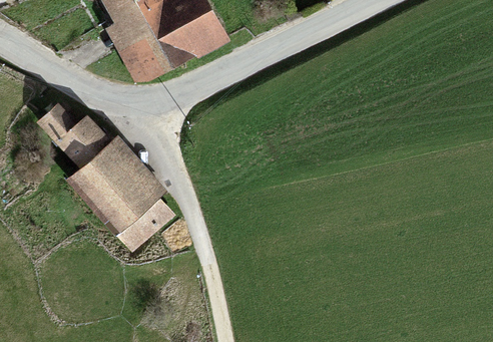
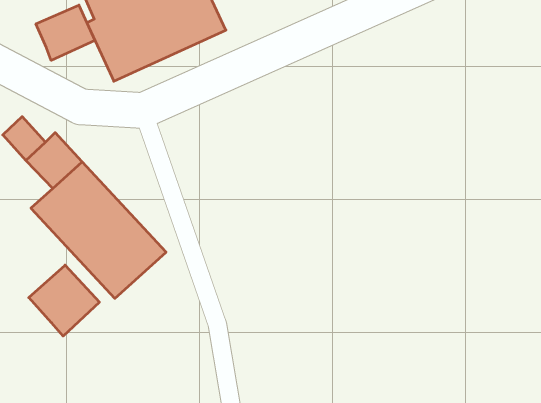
building: none -> [36,5,95,60]
building: none -> [29,265,99,336]

